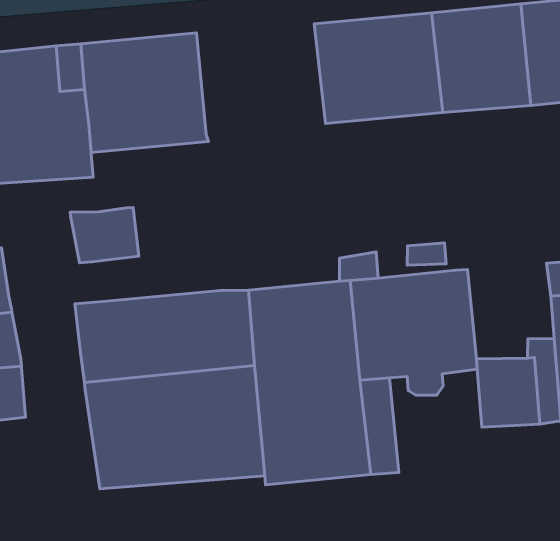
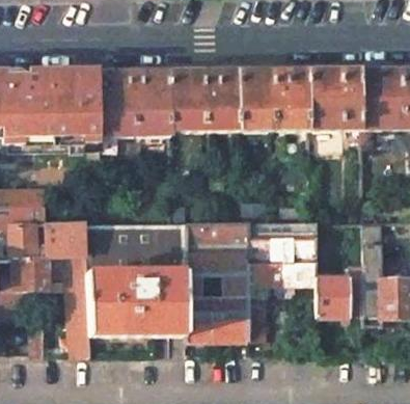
building: none -> [167,70,239,130]
building: [70,207,139,263] -> [46,223,84,253]
building: none -> [66,273,90,355]

